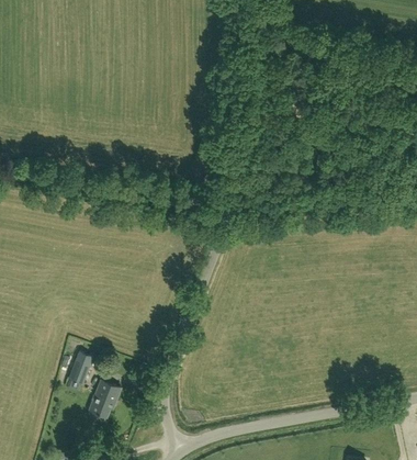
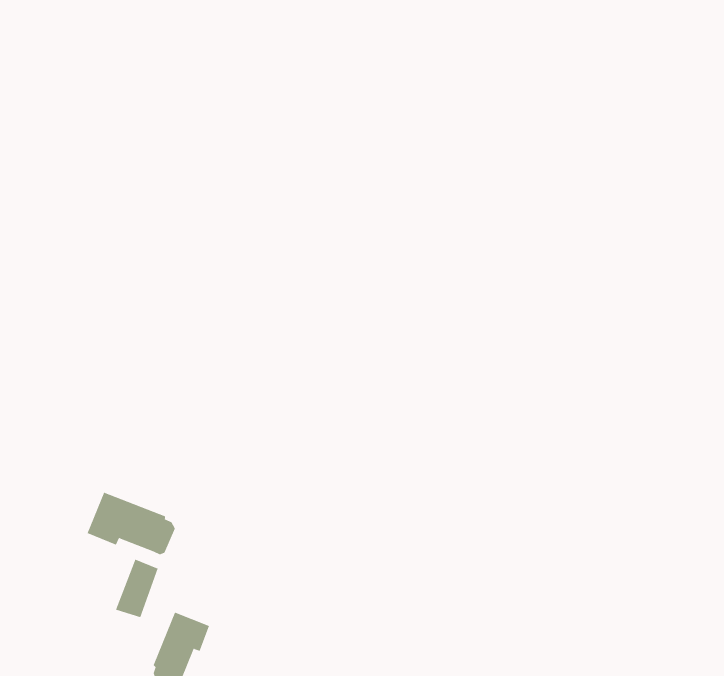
building: none -> [87,492,175,555]

